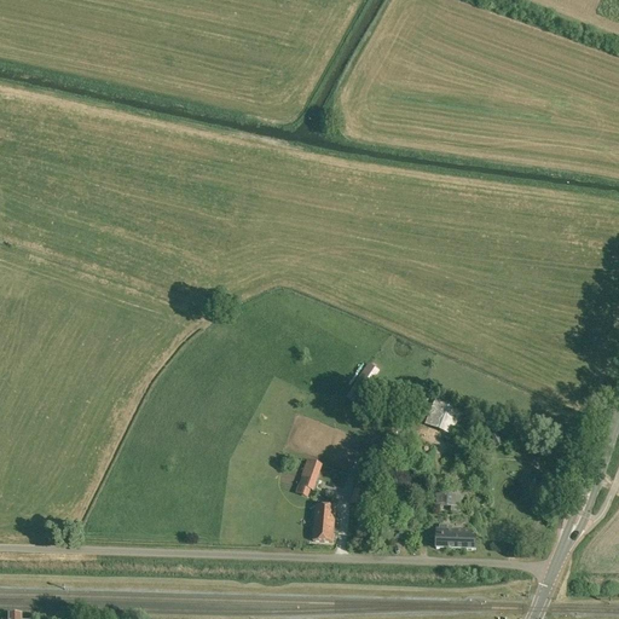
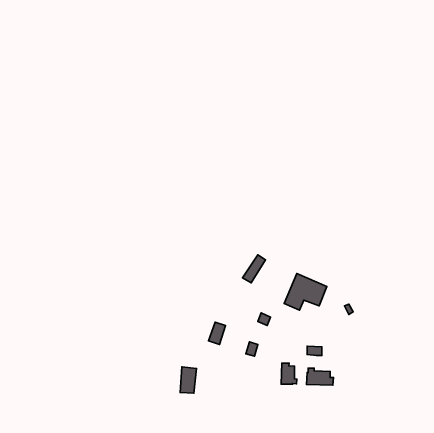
building: [312,503,335,540] -> [180,367,196,393]
building: none -> [281,363,297,384]

